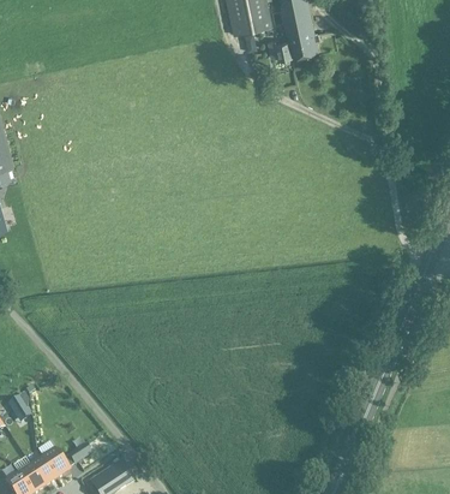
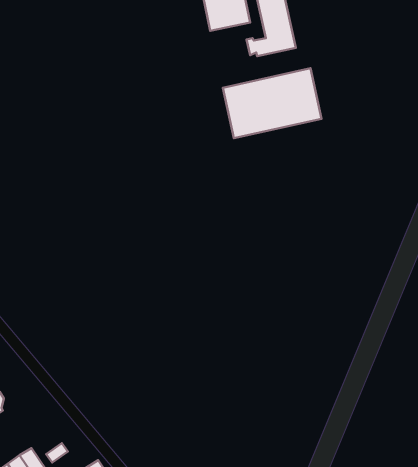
building: none -> [223,68,322,138]

